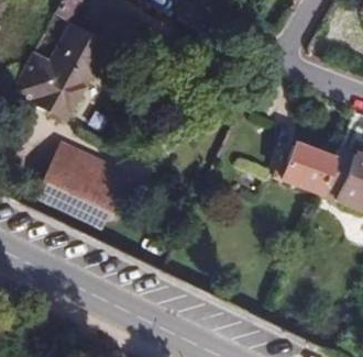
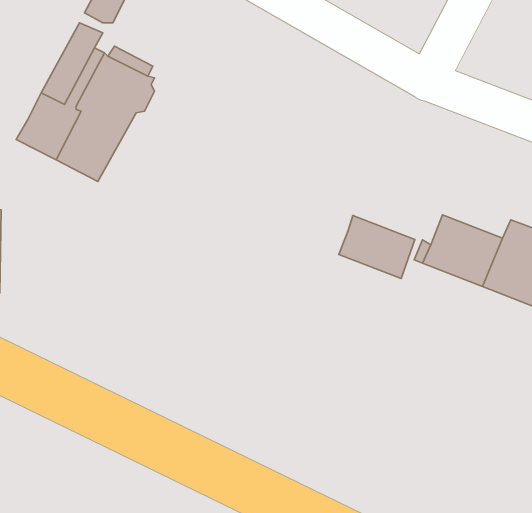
building: [34,144,129,231] -> none
building: none -> [339,215,415,279]

